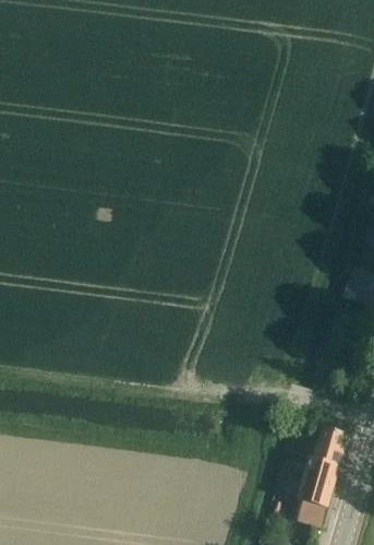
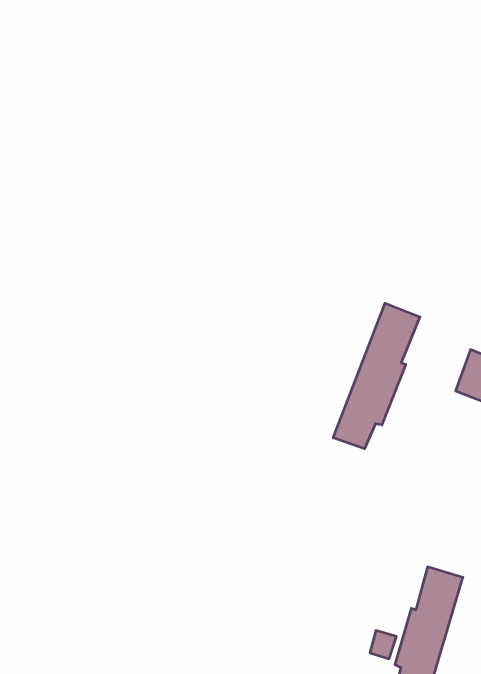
building: none -> [333,303,420,449]

